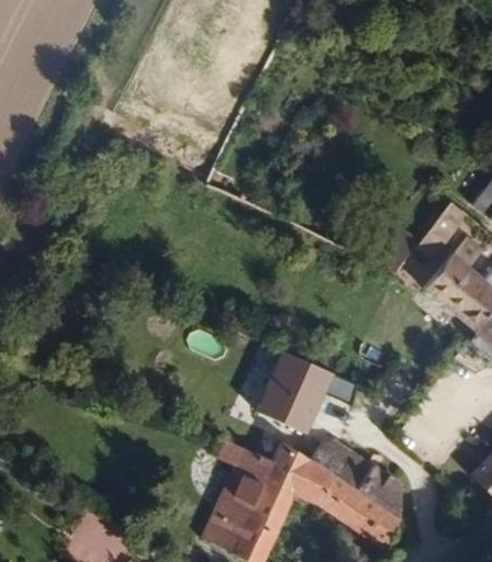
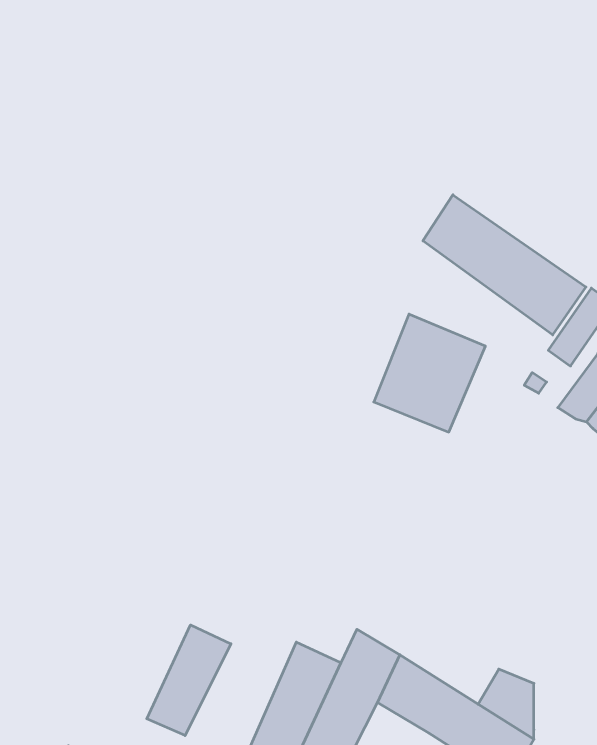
building: none -> [423,195,586,335]
building: [261,350,338,431] -> [374,314,485,432]
building: none -> [147,625,231,736]

